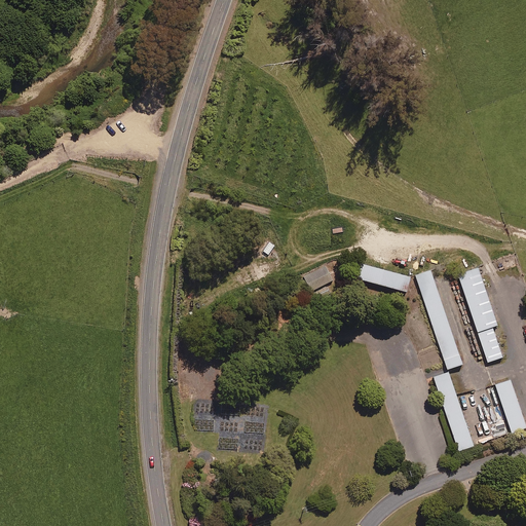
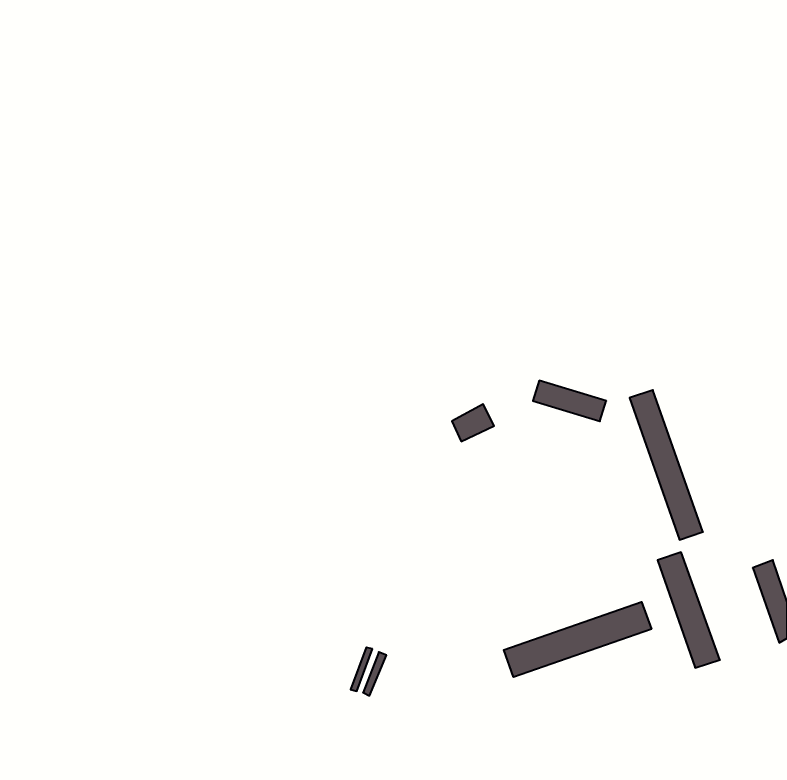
building: [457,267,501,362] -> none
building: none -> [504,602,651,677]

